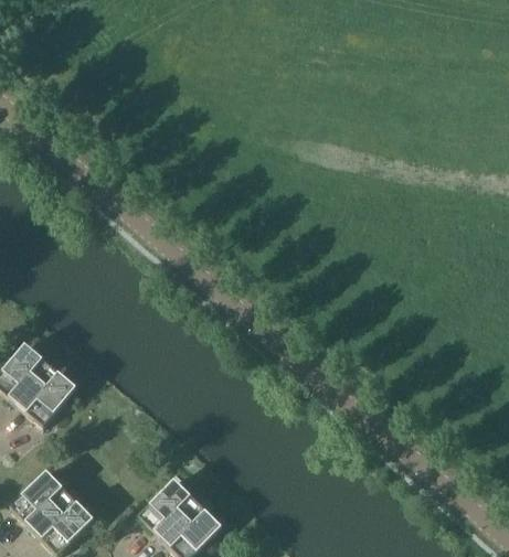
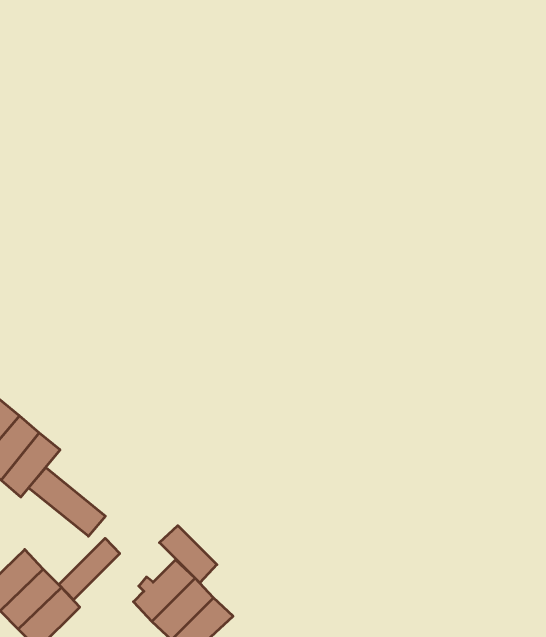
building: none -> [29,467,105,536]
building: none -> [159,526,217,583]
building: none -> [59,538,120,600]

